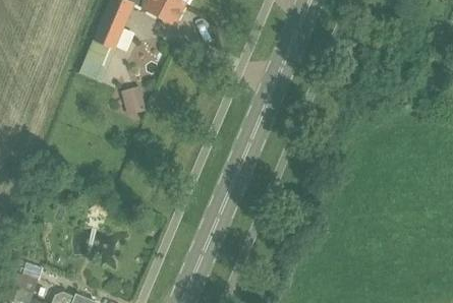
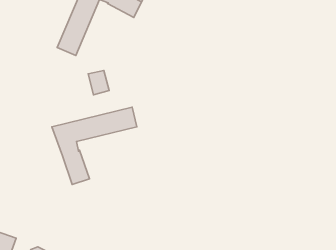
building: none -> [52,107,137,184]

